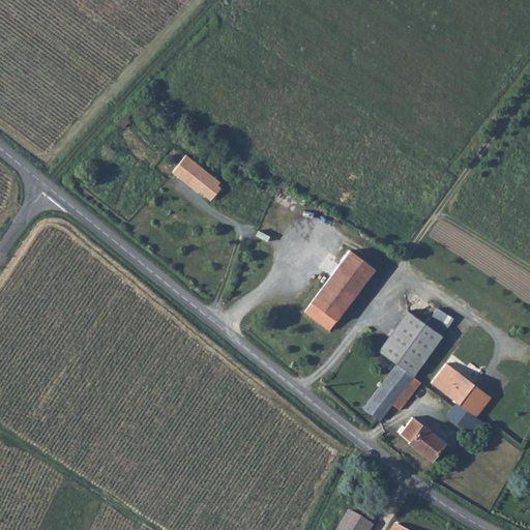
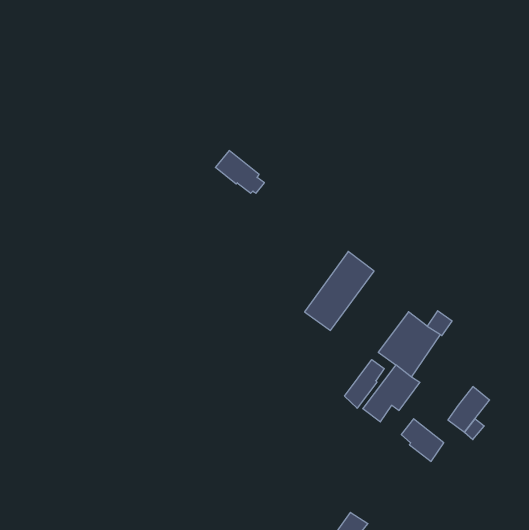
building: [174,155,223,198] -> [215,151,264,193]
building: none -> [345,360,384,408]
building: [432,364,474,405] -> none

